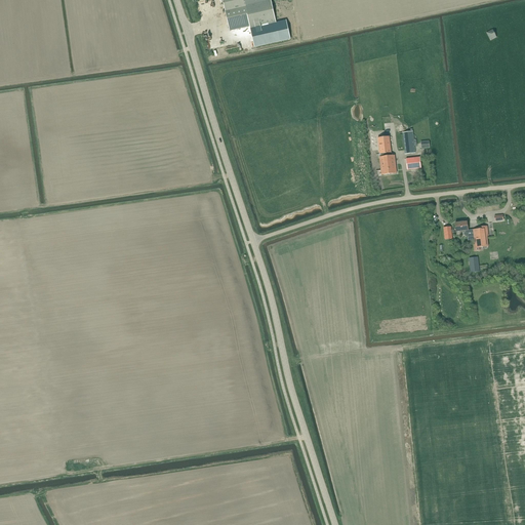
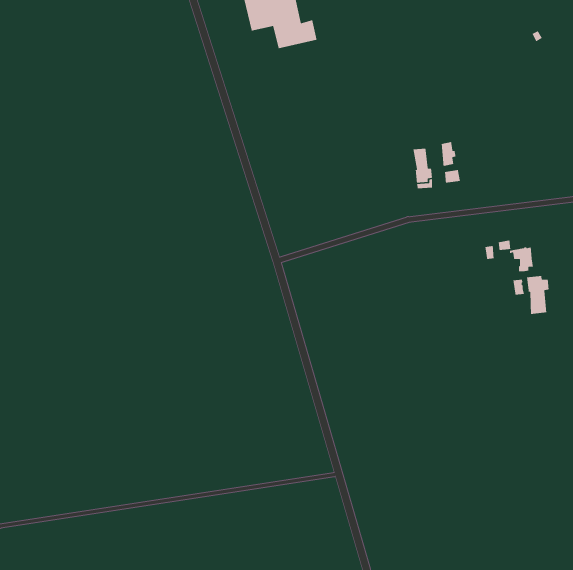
building: none -> [526,275,549,315]

